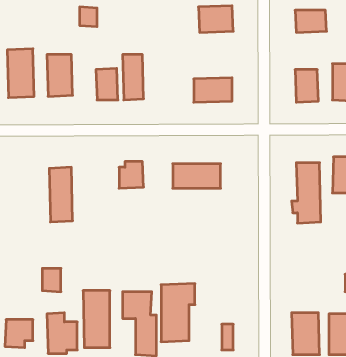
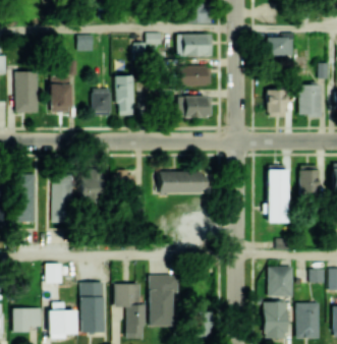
building: none -> [181,66,212,87]
building: none -> [80,171,105,204]
building: none -> [14,175,37,223]
building: none -> [269,267,294,297]

